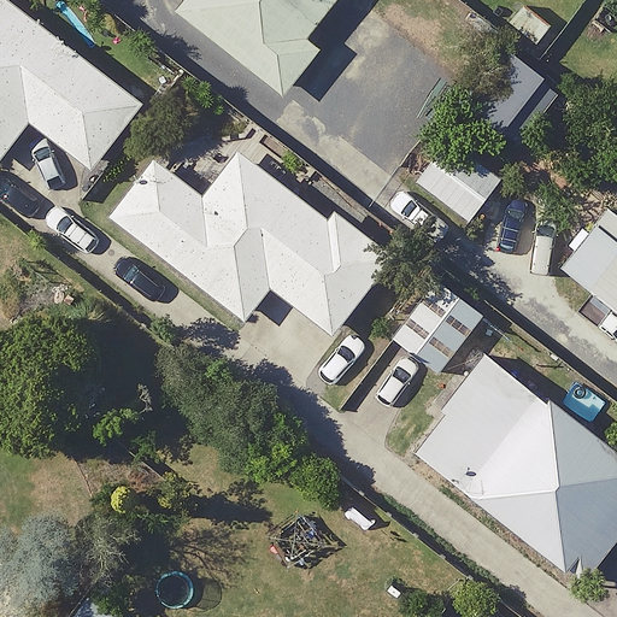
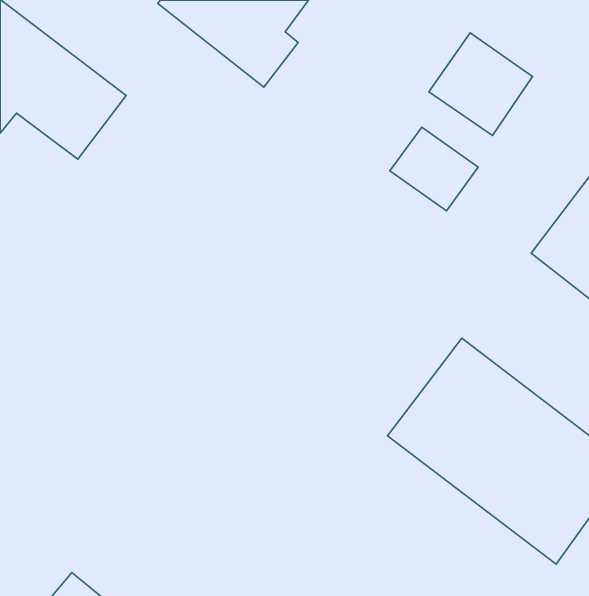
building: [107,151,389,335] -> none
building: [389,276,486,375] -> none

